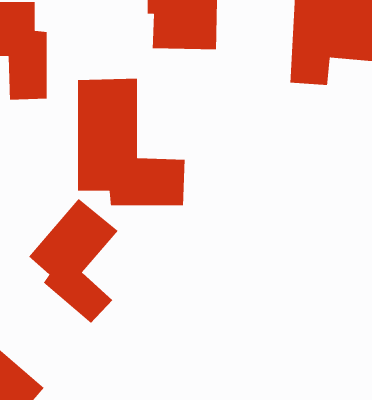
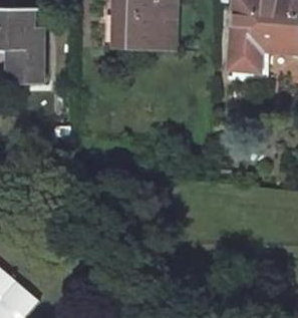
building: [77,78,185,206] -> none
building: [28,198,119,324] -> none

